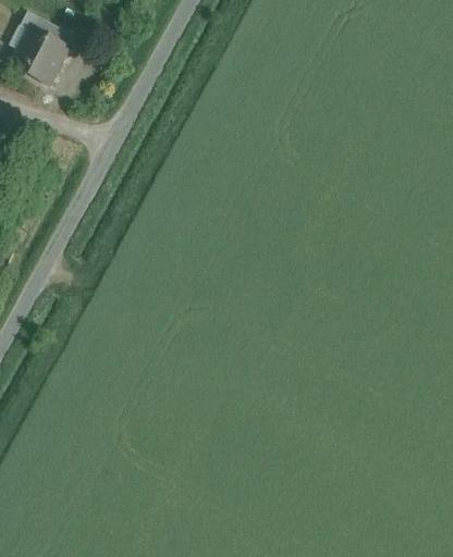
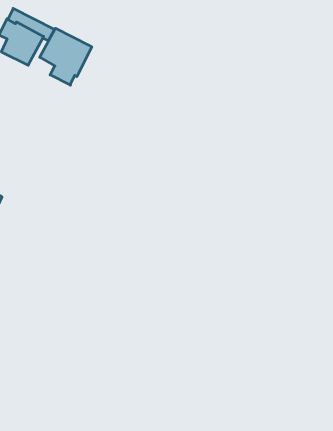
building: none -> [40,28,92,85]

